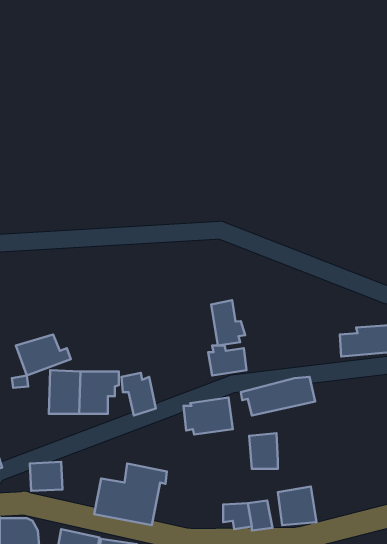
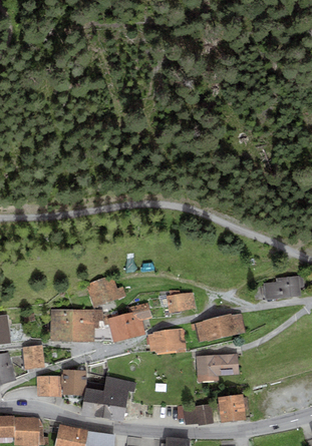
building: [211,300,245,345] -> none
building: [16,334,71,376] -> [85,277,125,307]
building: none -> [123,303,151,337]
building: none -> [23,346,44,369]
building: none -> [217,354,239,375]
building: none -> [61,370,86,394]

